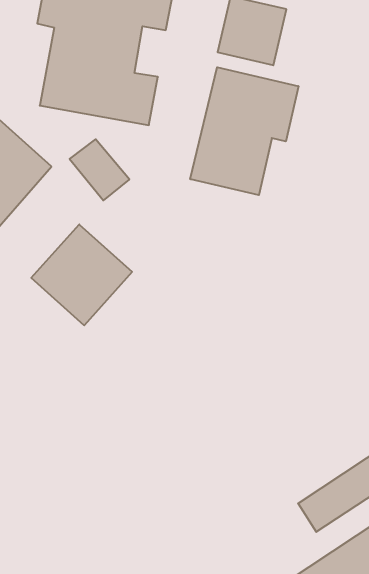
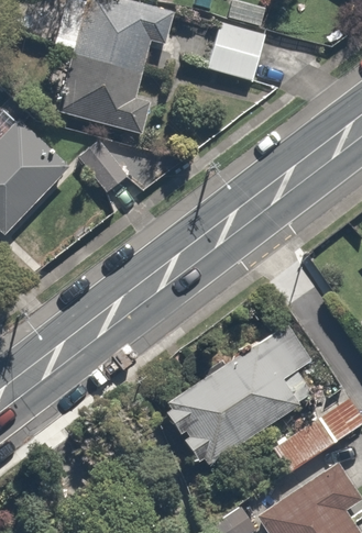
building: [190,67,298,195] -> none
building: [31,224,132,325] -> none
building: none -> [160,323,308,468]

